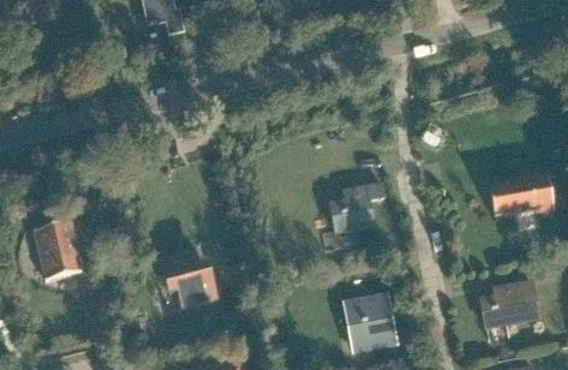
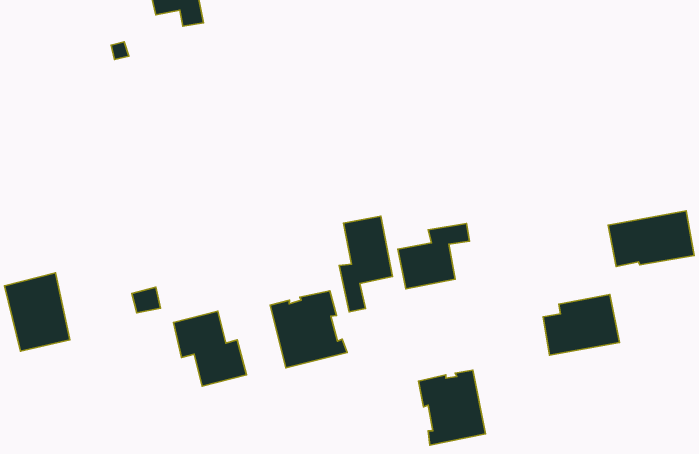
building: none -> [339,216,393,312]
building: none -> [270,291,347,368]
building: [480,282,538,328] -> [543,295,619,355]

